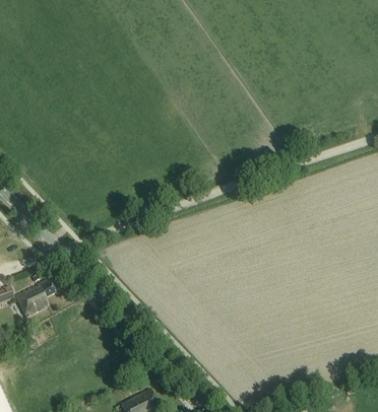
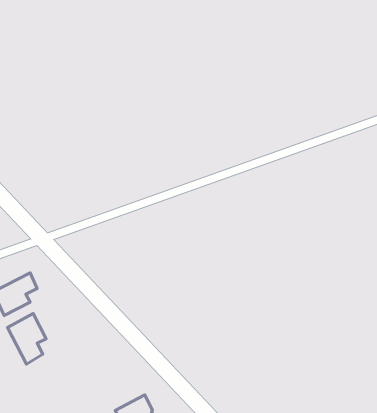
building: none -> [8,313,46,364]

